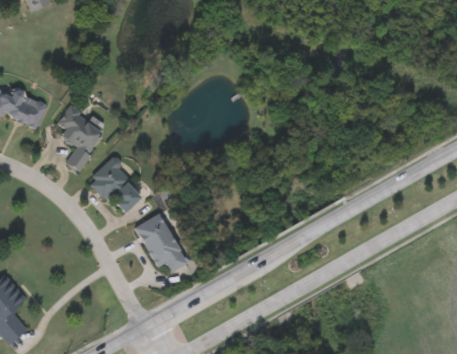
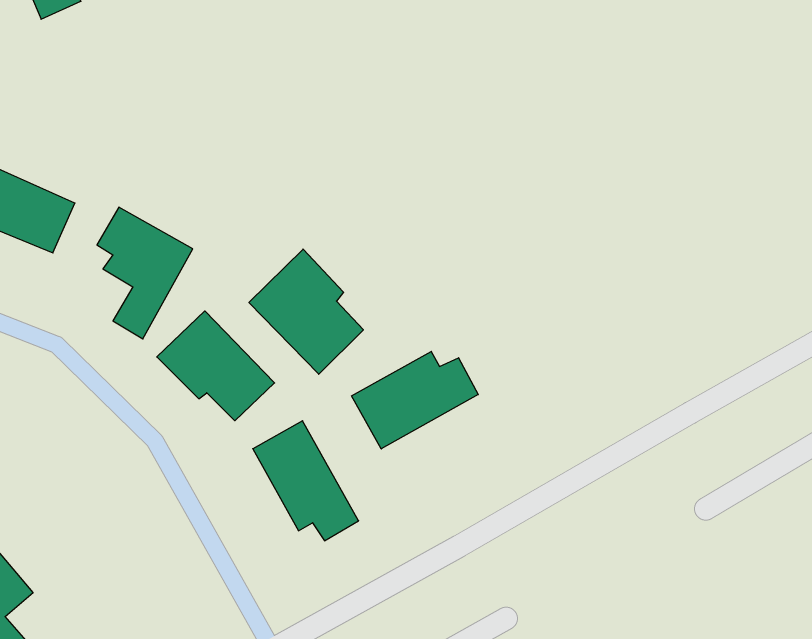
building: none -> [249,249,363,374]
building: none -> [352,351,478,449]

